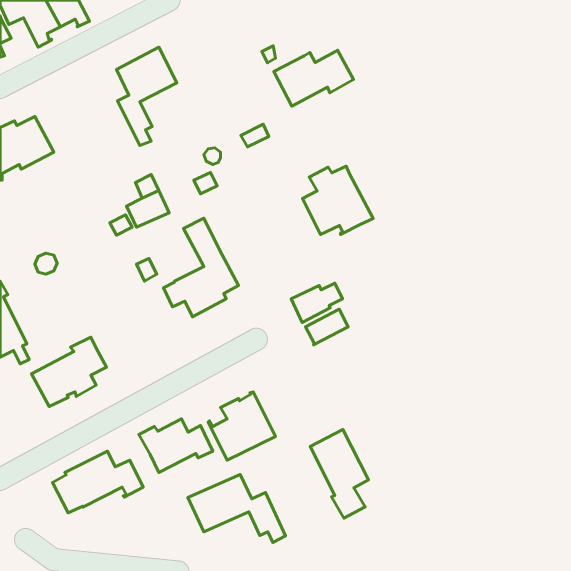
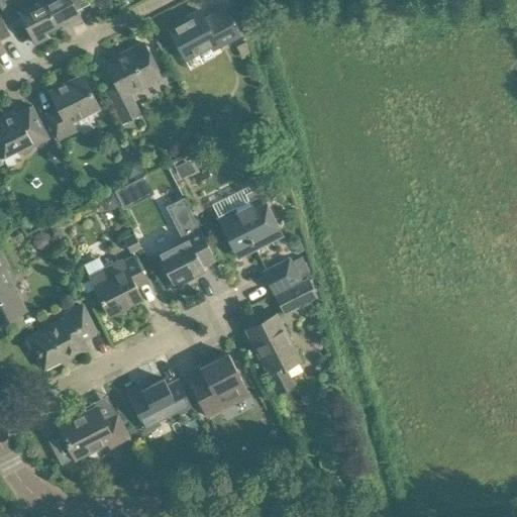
building: [274,50,353,106] -> [169,9,240,60]
building: none -> [46,75,100,139]
building: [303,166,373,234] -> [219,189,283,250]
building: none -> [80,254,149,315]
building: [310,430,368,518] -> [246,315,299,395]
building: [188,474,285,543] -> none

